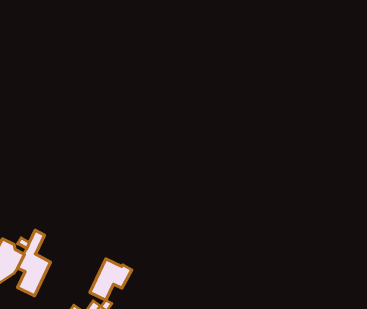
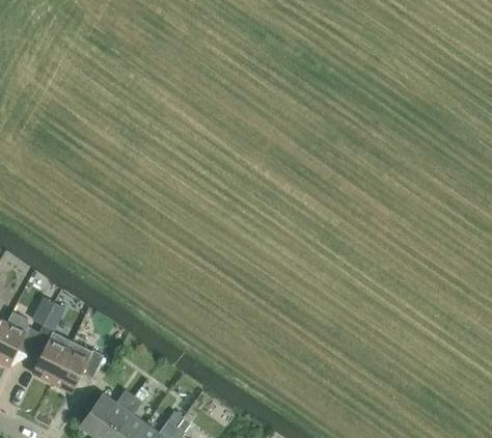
building: [90,259,132,300] -> [52,341,104,392]

